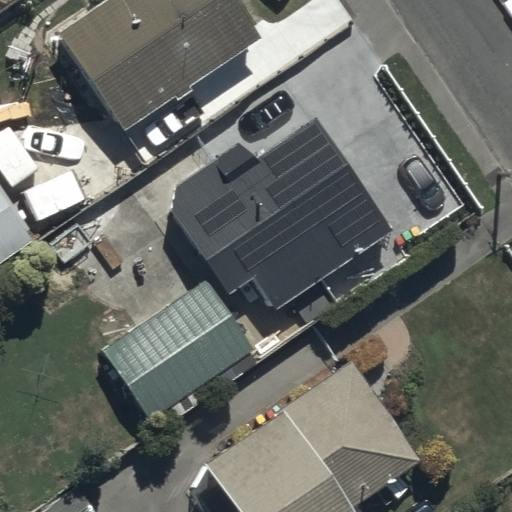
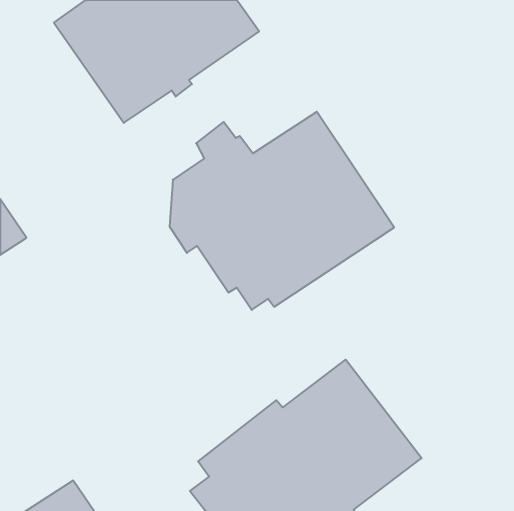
building: [107,281,255,420] -> none

